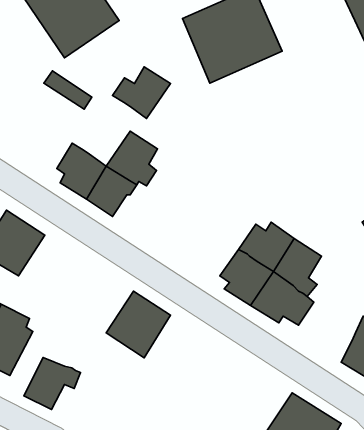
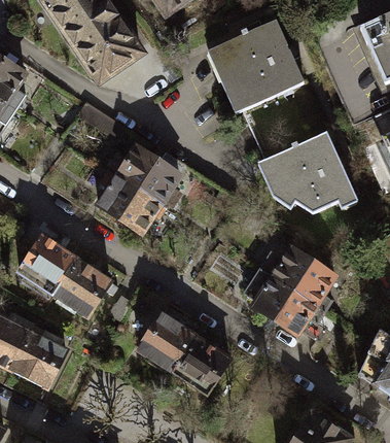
building: [113,67,171,118] -> [104,142,158,191]
building: none -> [257,133,357,213]
building: none -> [54,255,121,315]
building: none -> [172,331,235,395]
building: [24,357,80,410] -> none

